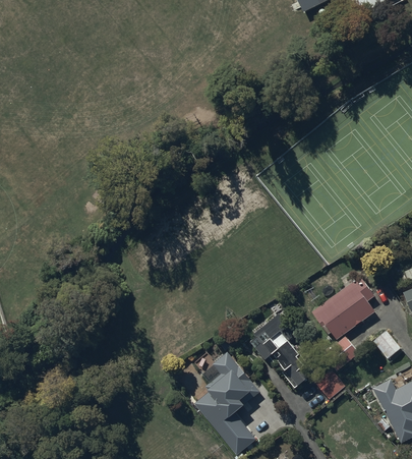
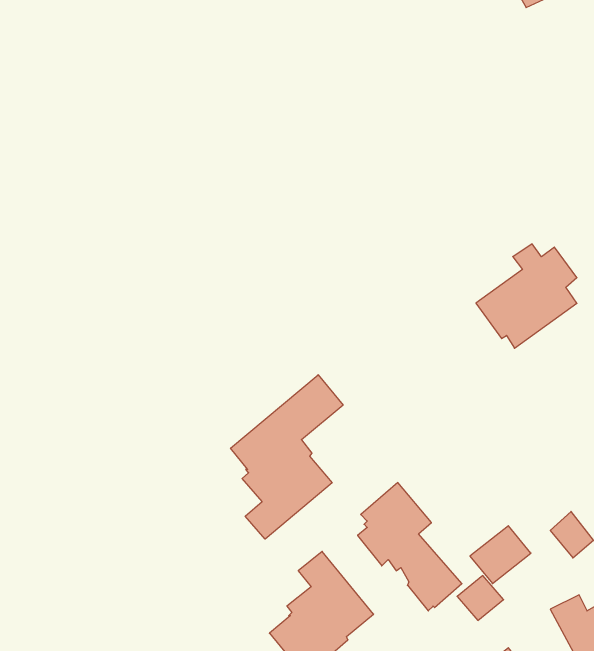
building: none -> [231,375,343,539]
building: [311,275,375,341] -> [476,244,577,348]

